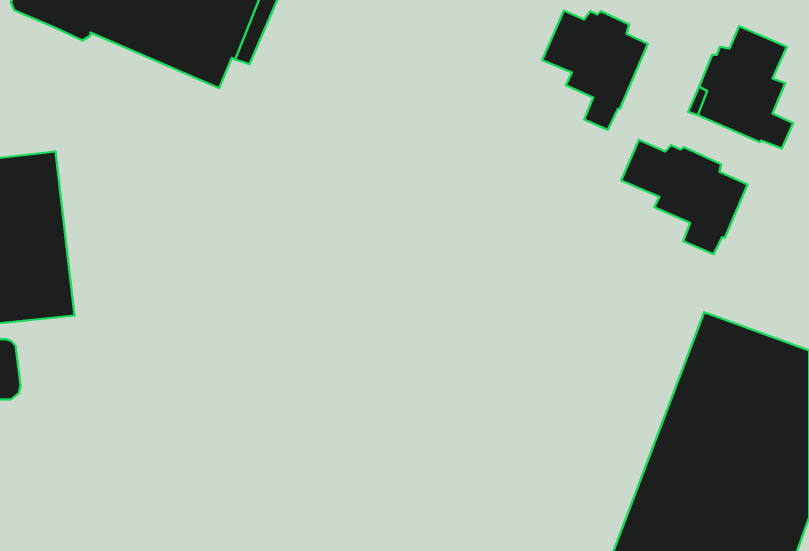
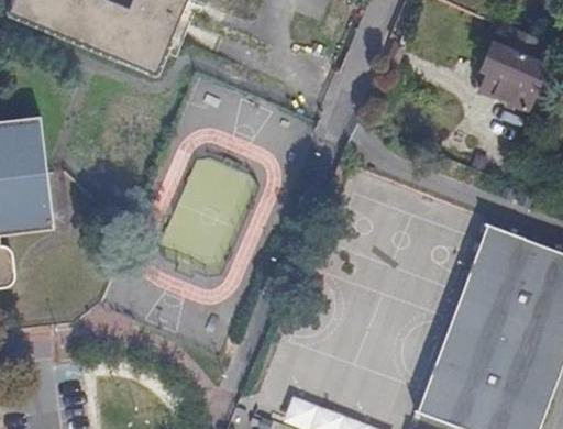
building: [542,10,648,130] -> none
building: [621,140,748,254] -> none

